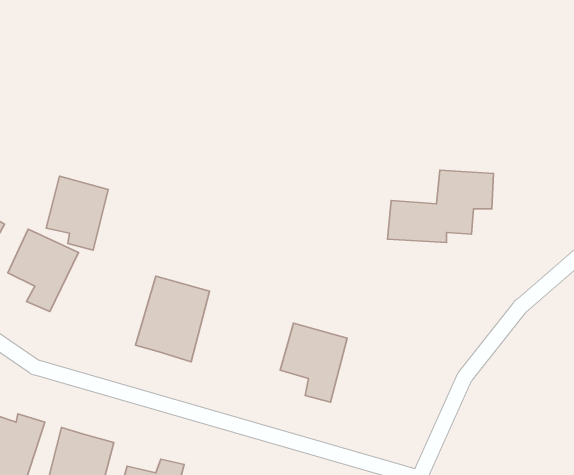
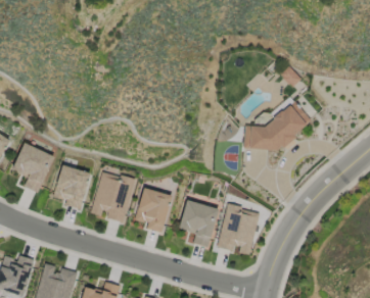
building: [46,176,108,250] -> [53,164,91,209]
building: none -> [135,187,173,232]
building: none -> [218,204,262,255]

